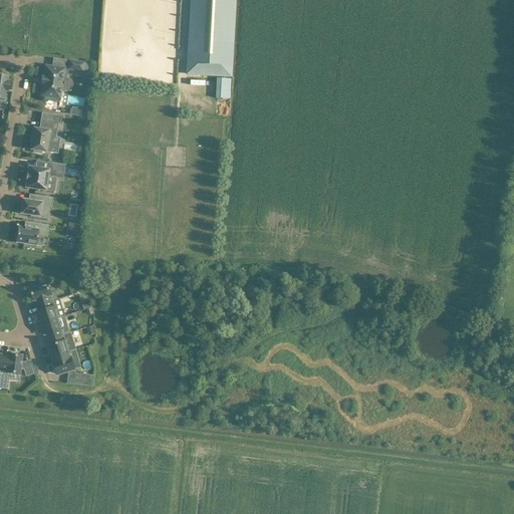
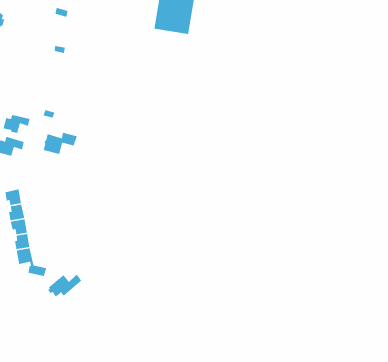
building: [39,64,64,98] -> none
building: [30,112,61,153] -> none
building: [25,162,65,190] -> [43,132,78,155]
building: none -> [47,274,82,297]

